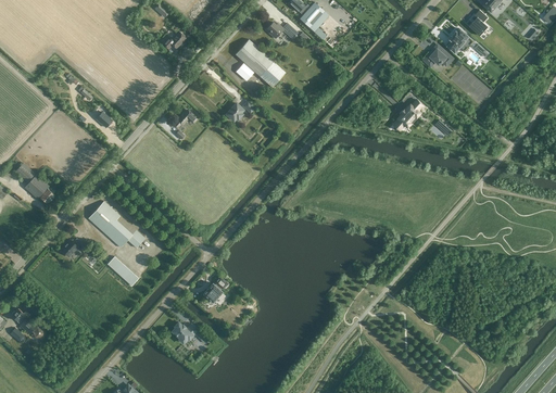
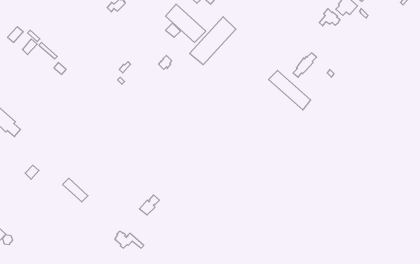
building: none -> [190,17,236,65]
building: none -> [269,70,311,110]
building: [87,201,143,248] -> none

